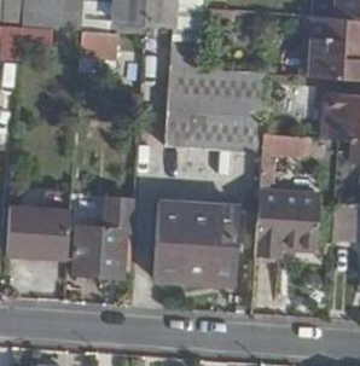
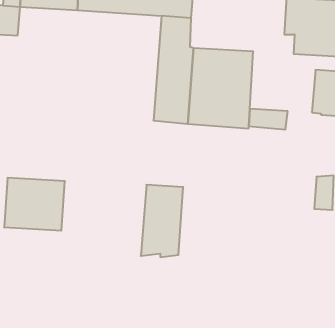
building: [256,193,320,260] -> none
building: [71,197,129,274] -> none
building: [190,215,237,294] -> none

